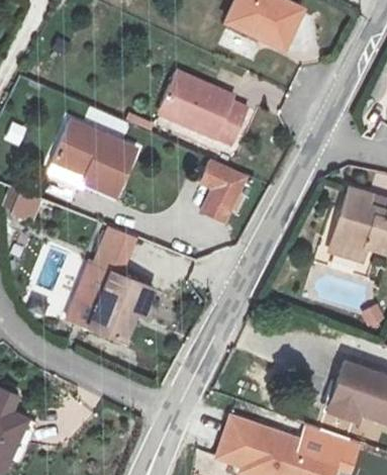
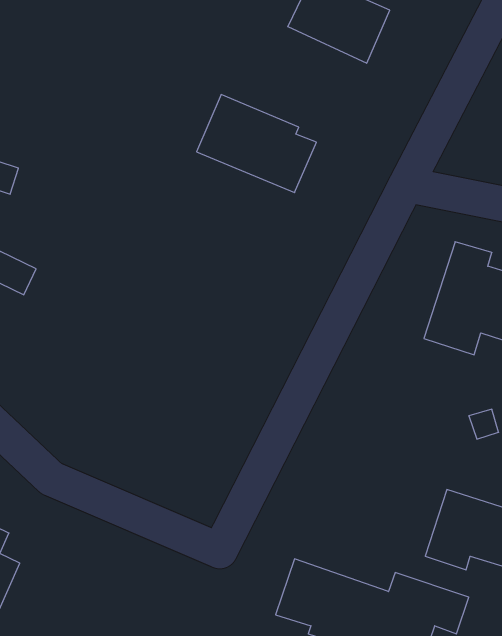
building: [53,118,139,193] -> none
building: [199,162,247,224] -> none
building: [68,227,156,344] -> none

